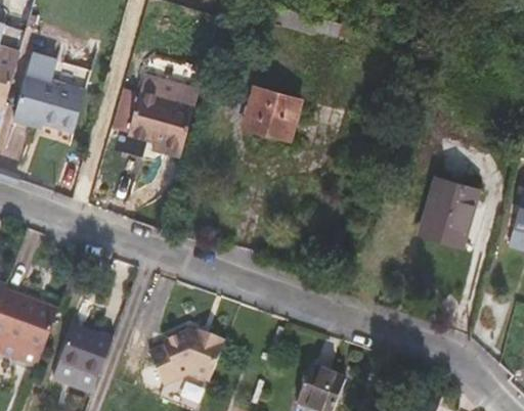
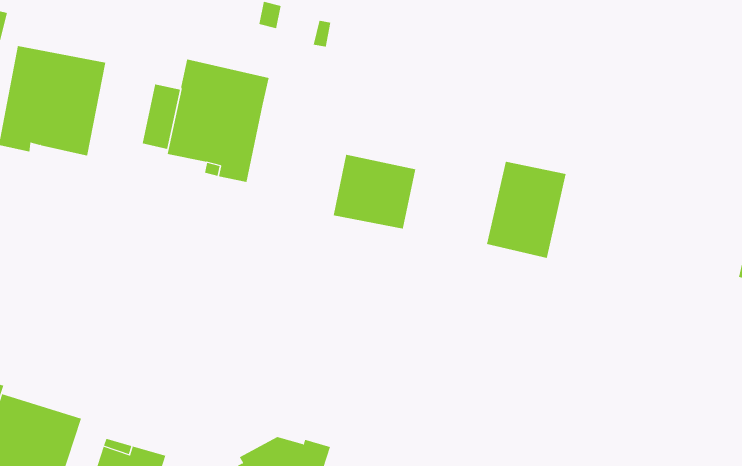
building: [242,87,300,140] -> [333,154,416,229]
building: [419,179,476,246] -> [486,161,567,259]

